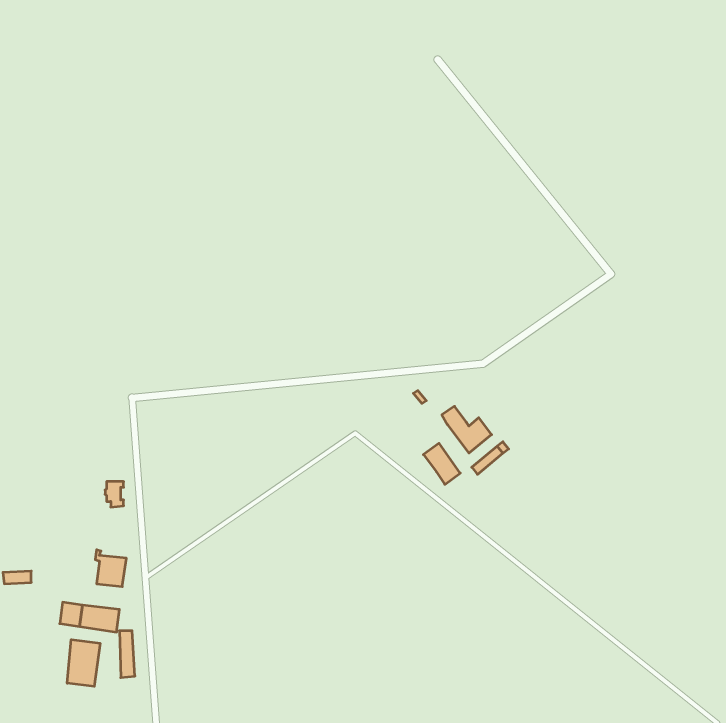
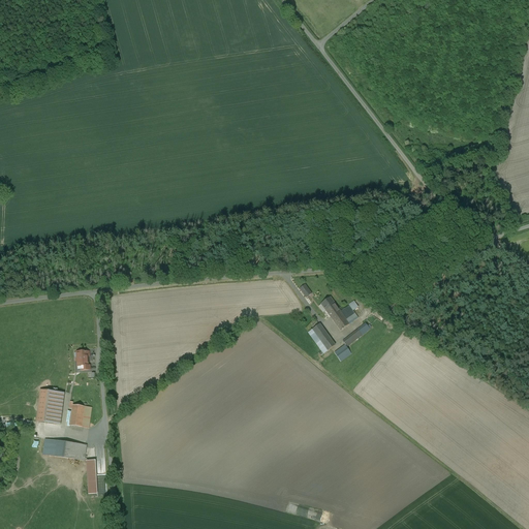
building: none -> [36,388,62,423]
building: [67,640,100,686] -> none

